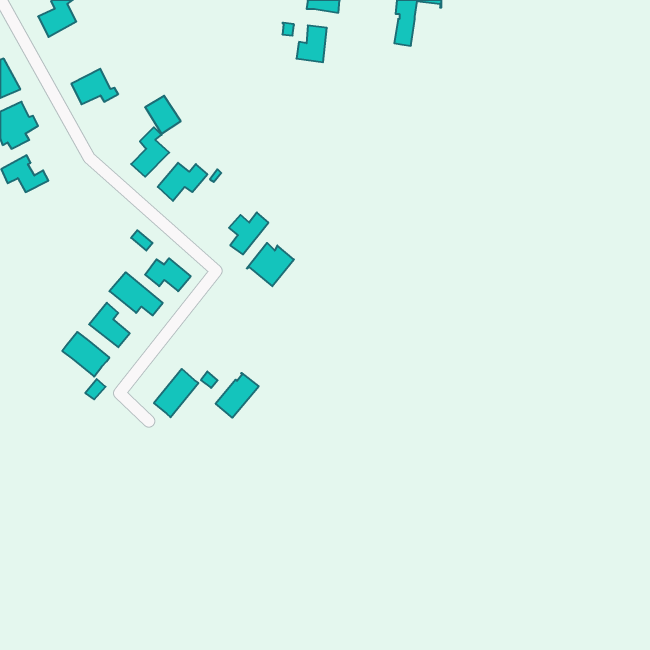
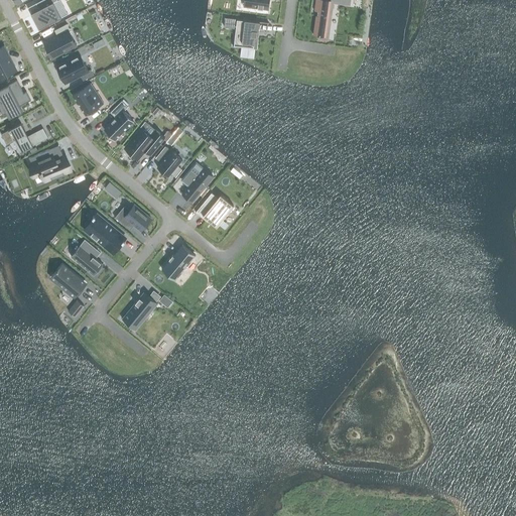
building: none -> [43,24,76,58]
building: [145,96,181,134] -> [72,86,100,116]
building: none -> [155,146,183,177]
building: none -> [28,149,71,181]
building: [216,373,259,418] -> [161,245,196,280]

